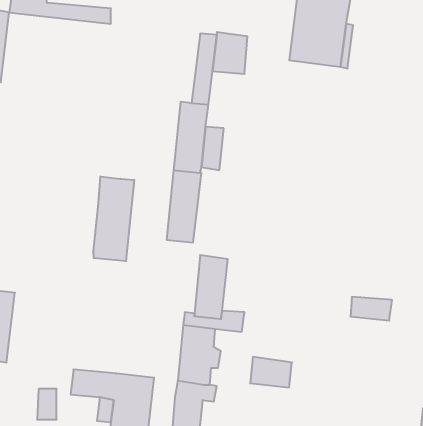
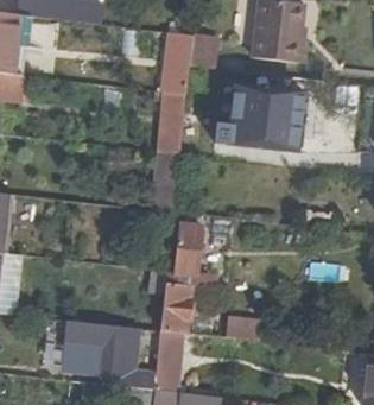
building: none -> [207,80,298,141]
building: [94,176,134,261] -> none

